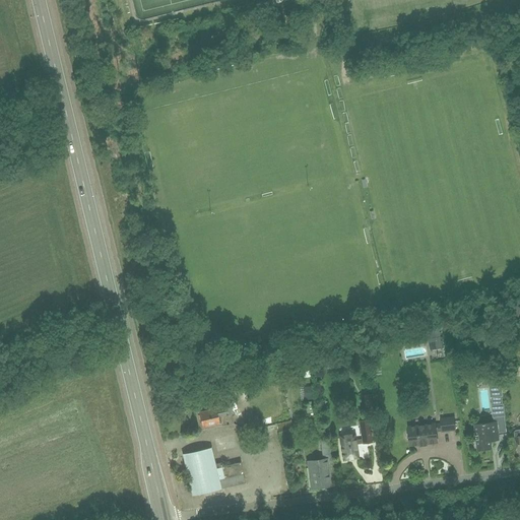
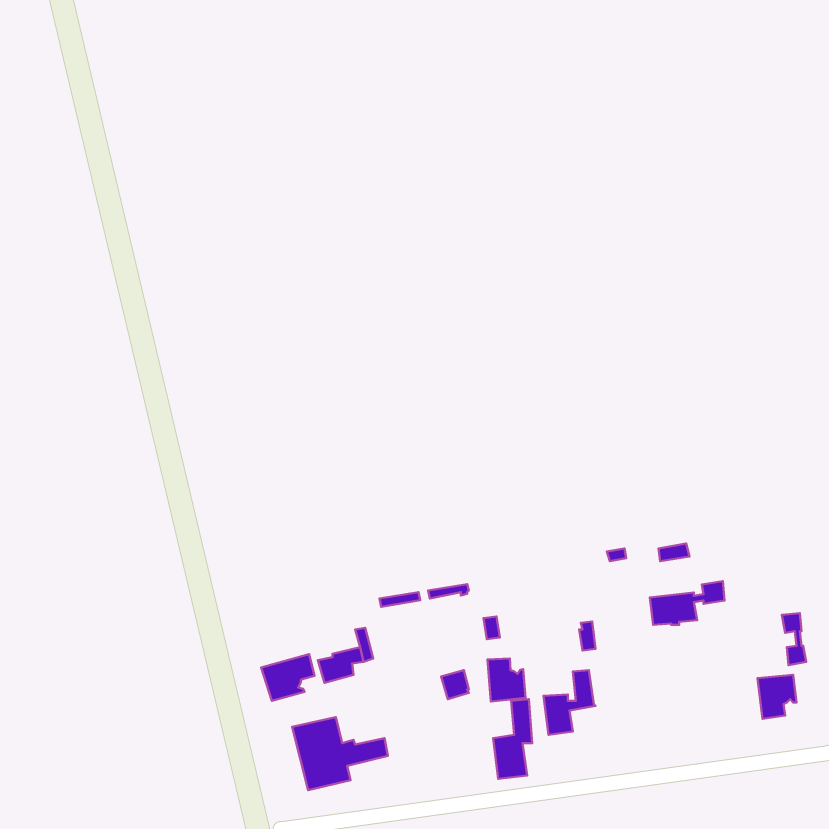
building: none -> [261,654,315,701]
building: none -> [488,658,525,702]
building: [408,417,455,445] -> [650,581,725,625]

